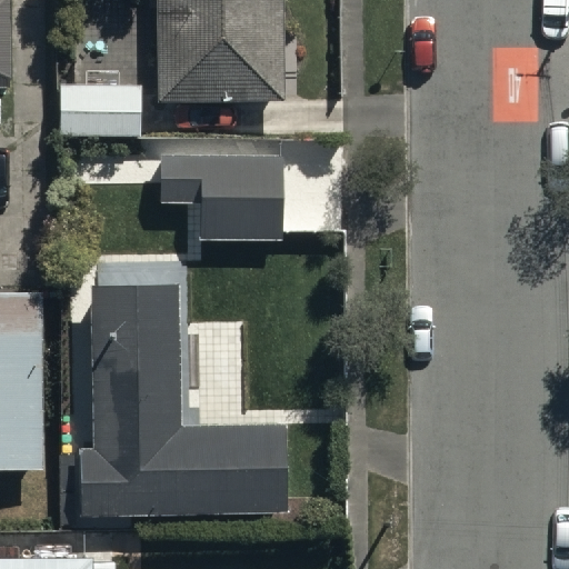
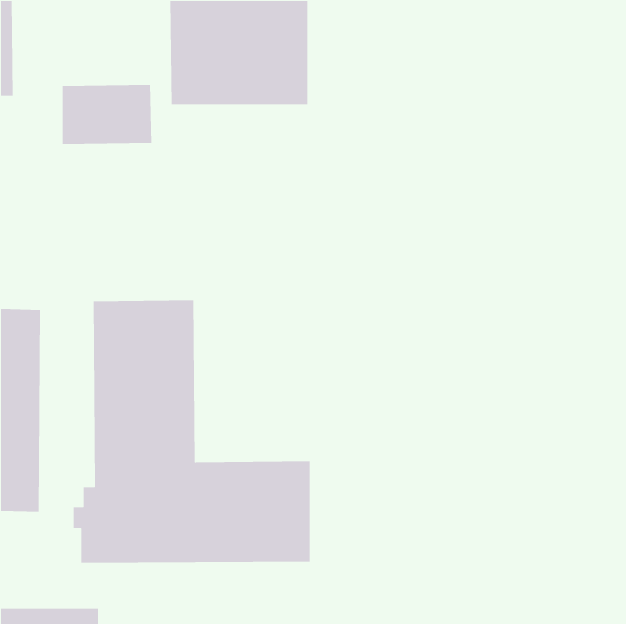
building: [160,152,286,246] -> none

